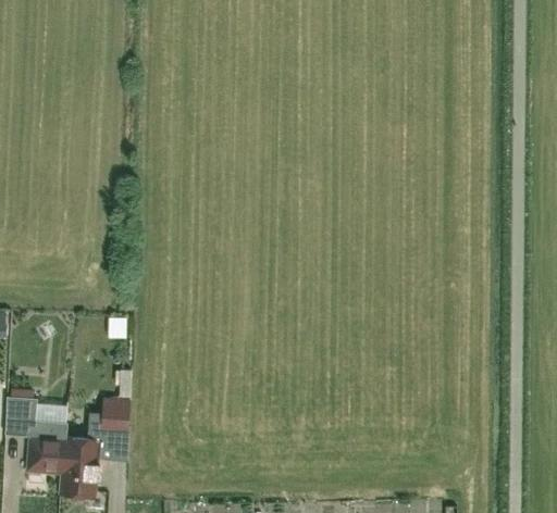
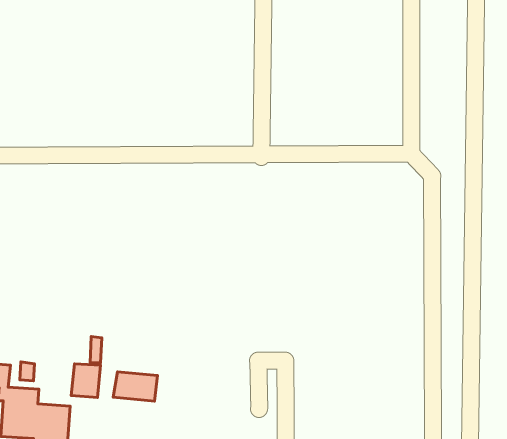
building: none -> [113,372,158,401]

